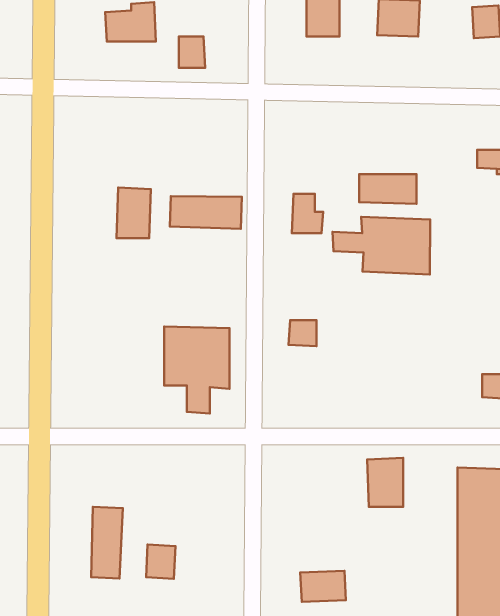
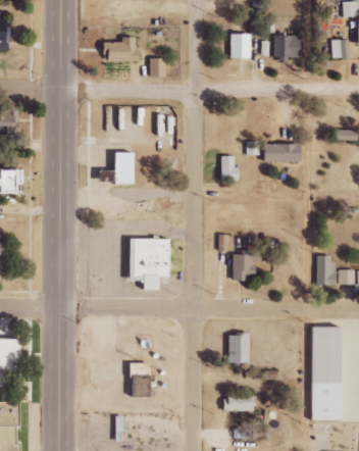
building: [170,196,242,229] -> none
building: [332,217,430,274] -> none
building: none -> [227,249,255,280]
building: none -> [312,255,331,284]
building: [367,458,403,507] -> [223,332,246,362]
building: [91,507,123,579] -> none

